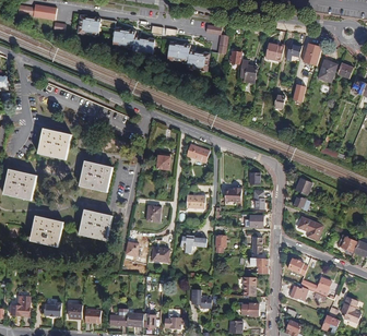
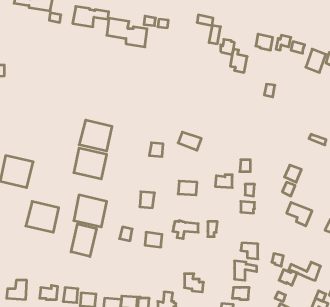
building: [167,41,210,71] -> none
building: [37,128,71,159] -> [79,120,112,151]
building: none -> [71,224,96,257]

